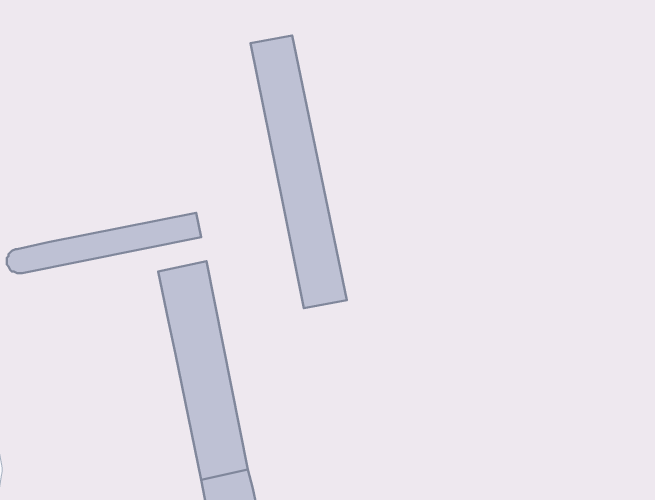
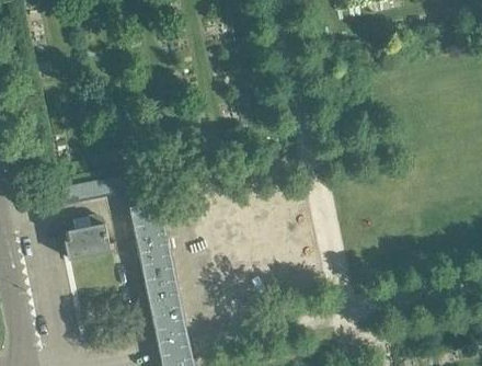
building: [250,36,347,308] -> none
building: none -> [55,215,111,261]

